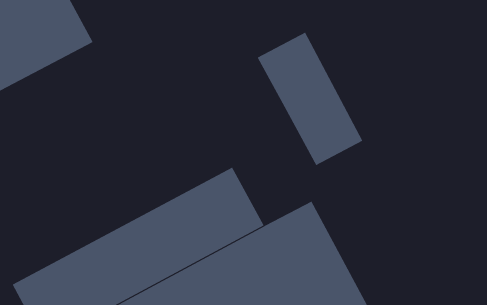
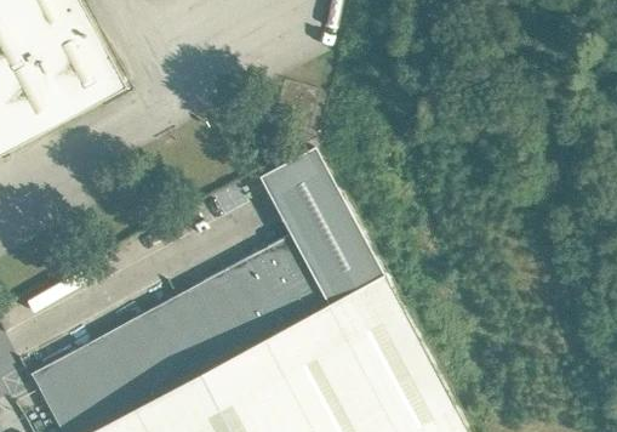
building: [257,32,363,166] -> [256,148,381,306]

